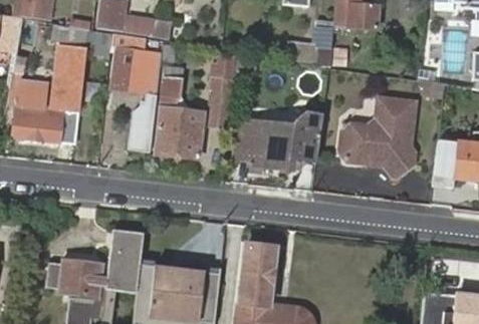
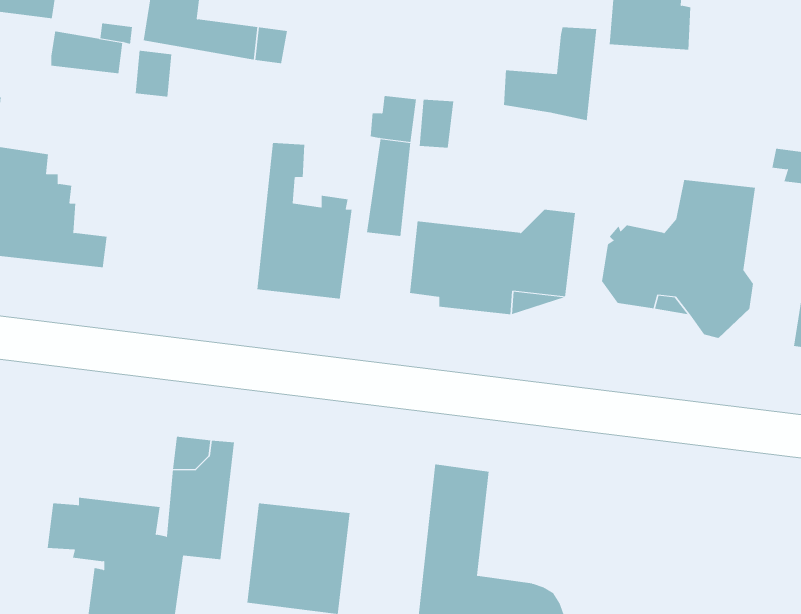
building: [53,46,85,127] -> none
building: [113,48,162,152] -> none

